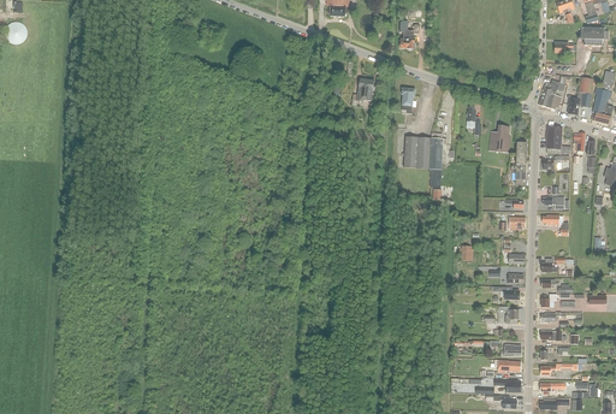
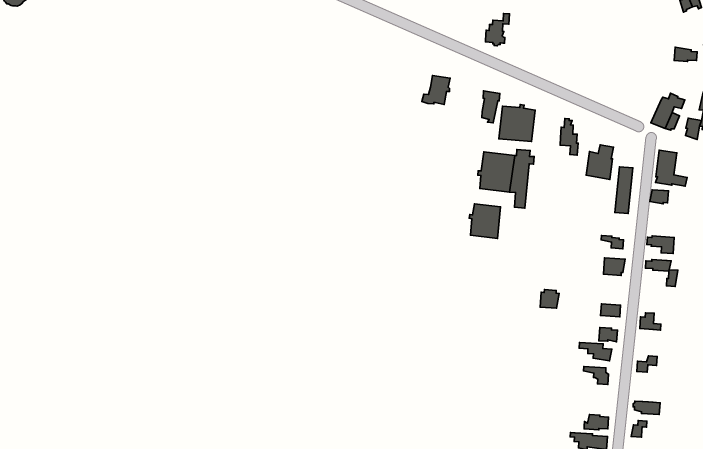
building: none -> [499,104,535,142]
building: none -> [469,204,500,238]

